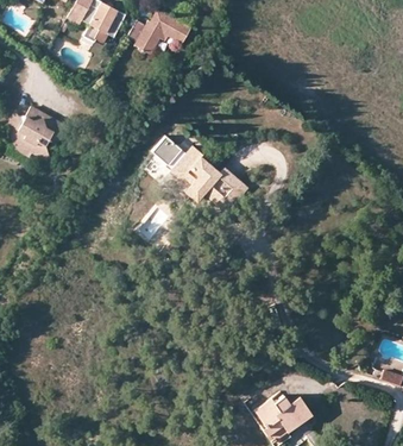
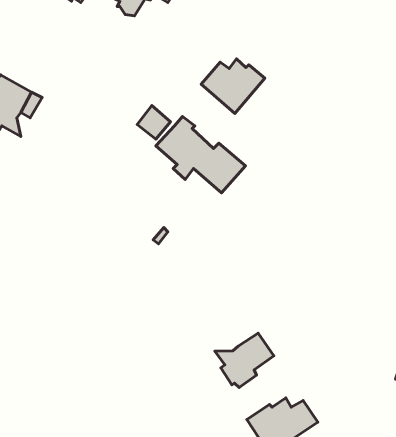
building: none -> [201,59,265,114]
building: none -> [215,333,274,388]

